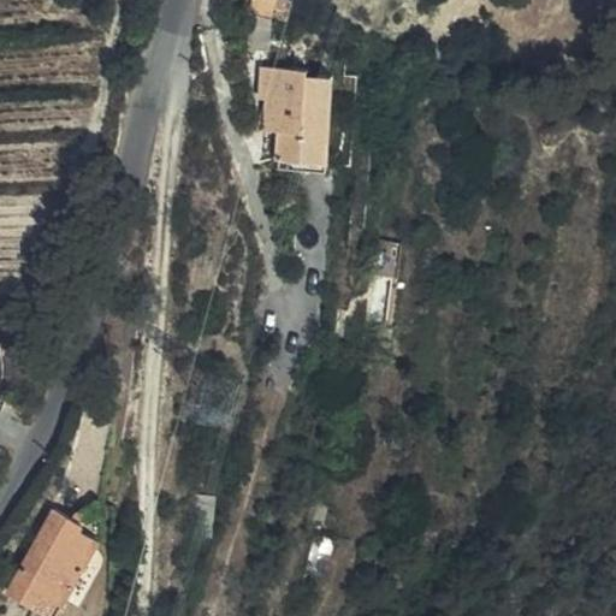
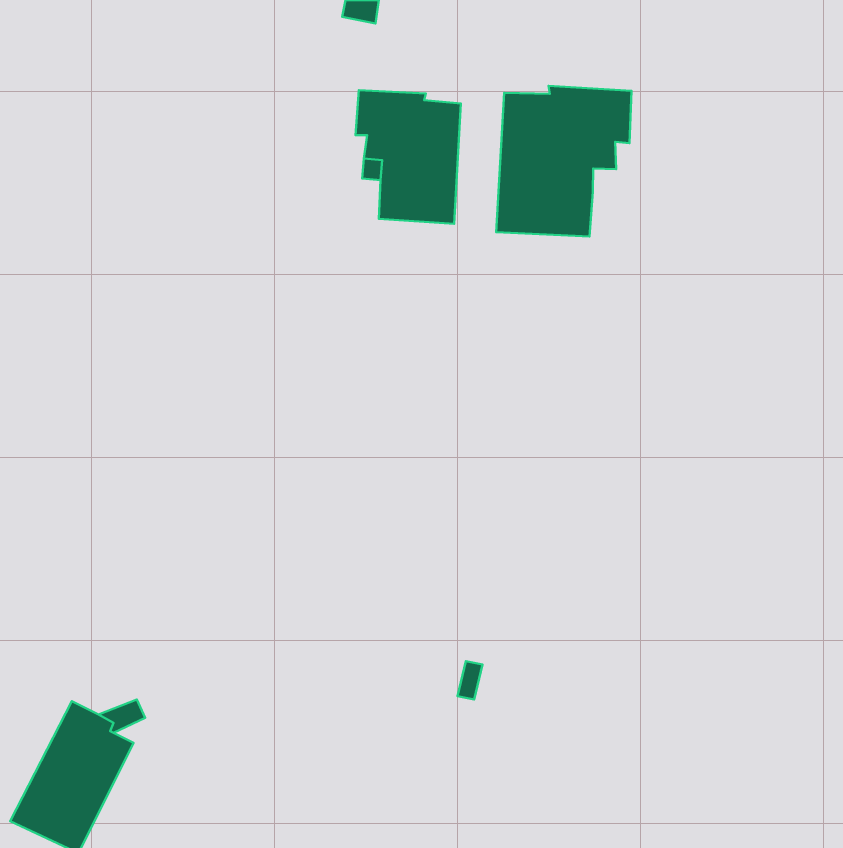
building: none -> [496,86,631,236]

